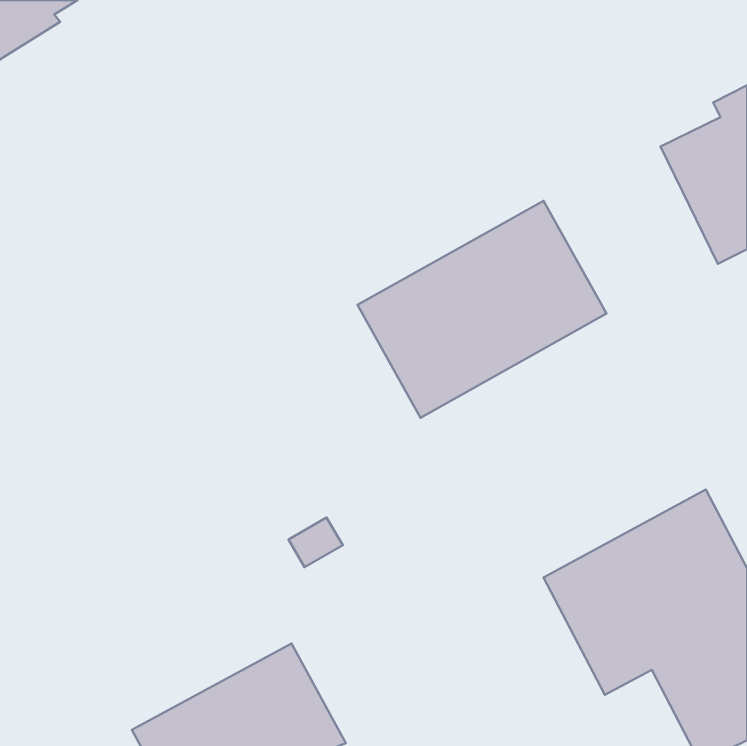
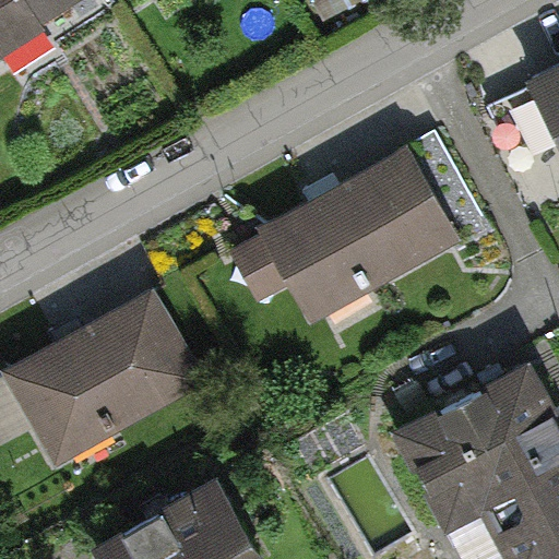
building: none -> [11,295,198,456]

